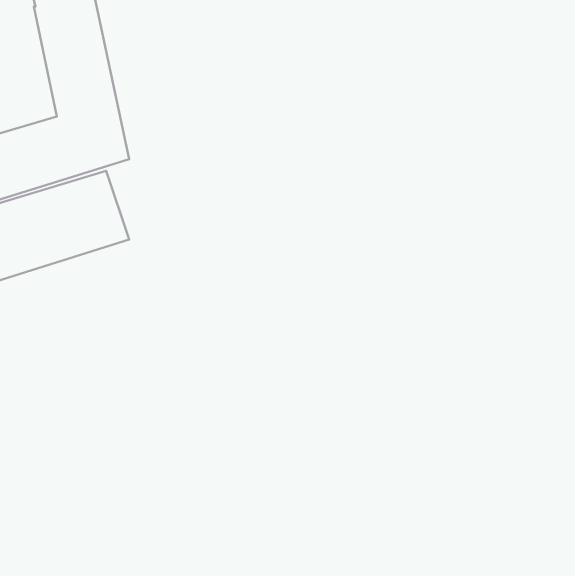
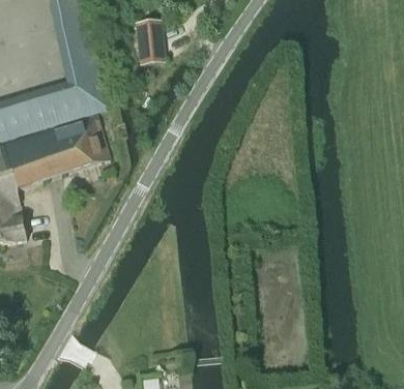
building: none -> [137,18,165,61]

